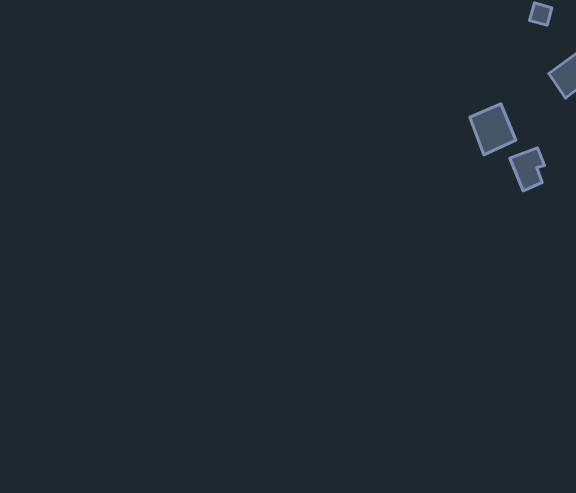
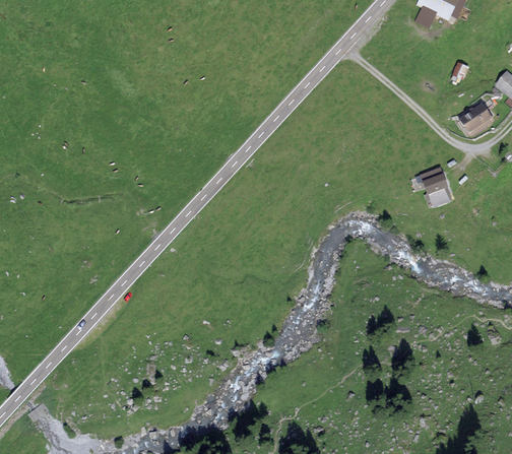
building: [470,104,516,155] -> none

